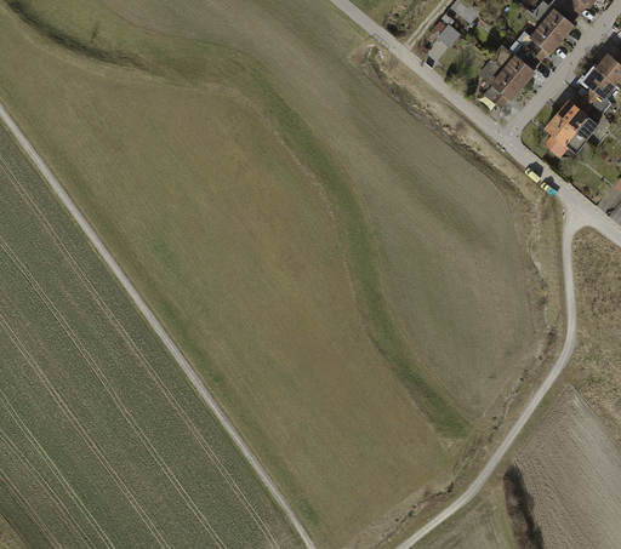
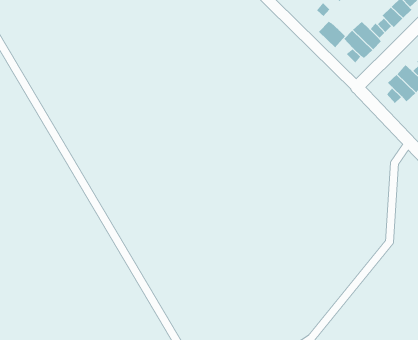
building: none -> [318,21,346,48]

